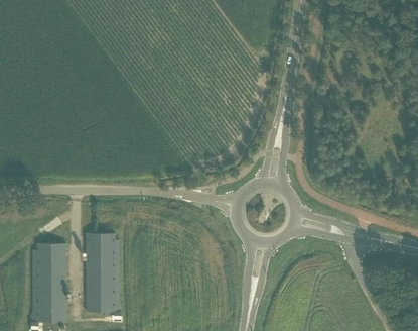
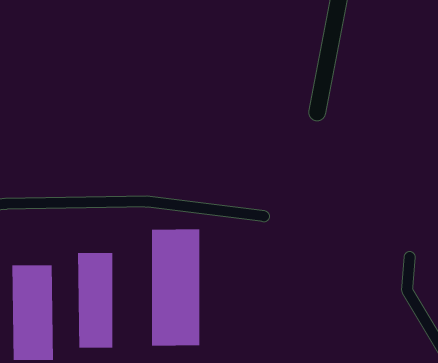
building: none -> [151,229,200,347]

